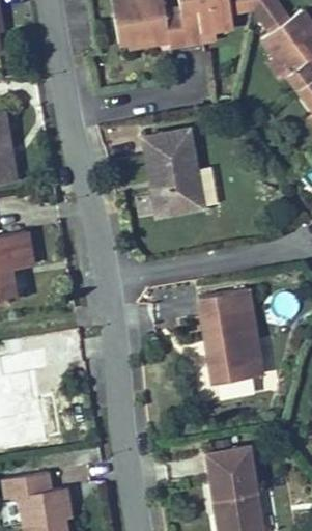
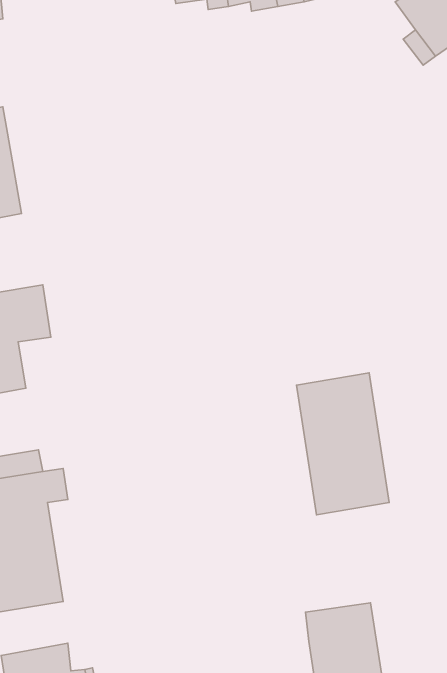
building: [143,125,203,213] -> none

